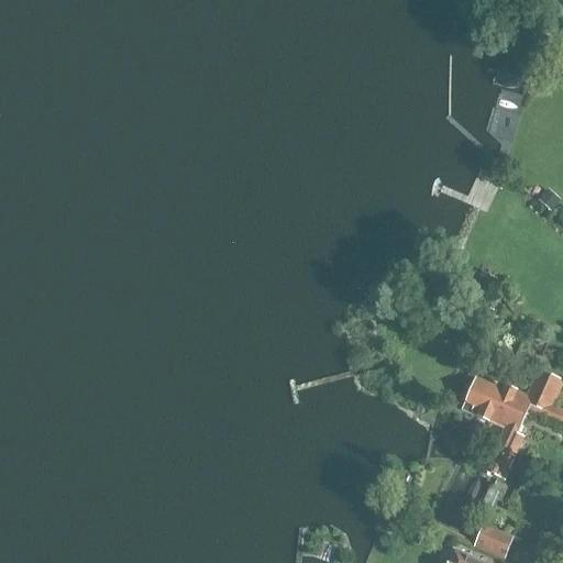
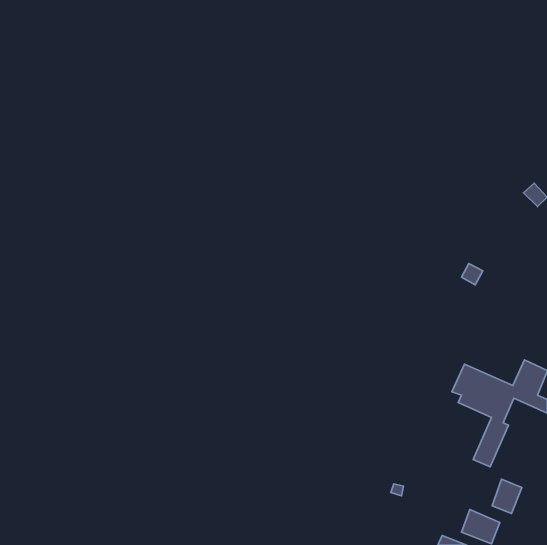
building: none -> [492,479,522,513]

